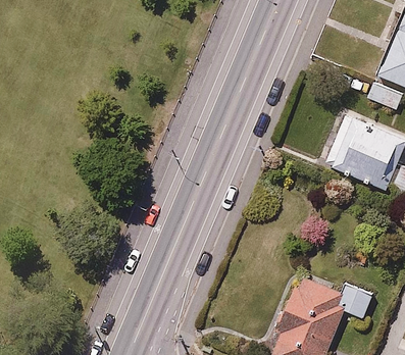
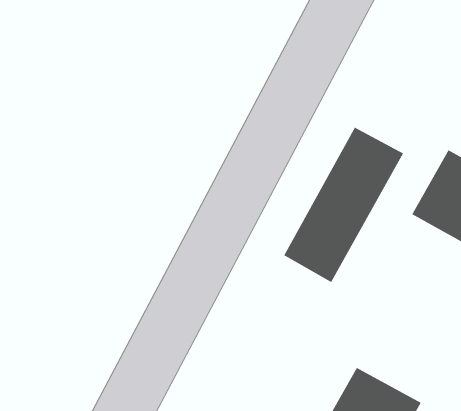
building: none -> [283,126,404,283]

